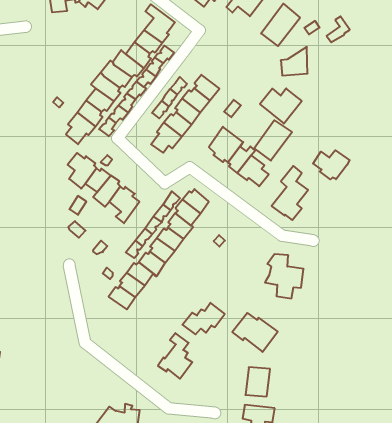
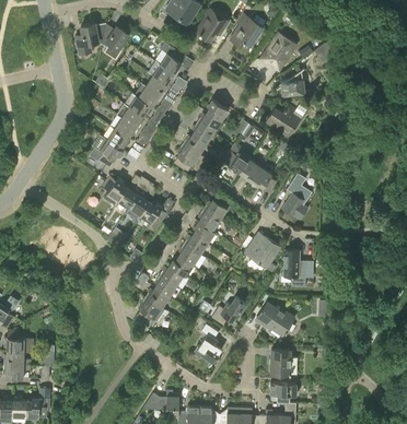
building: [254,120,292,161] -> none
building: [313,150,350,179] -> none
building: none -> [245,236,280,272]
building: none -> [136,297,168,323]

